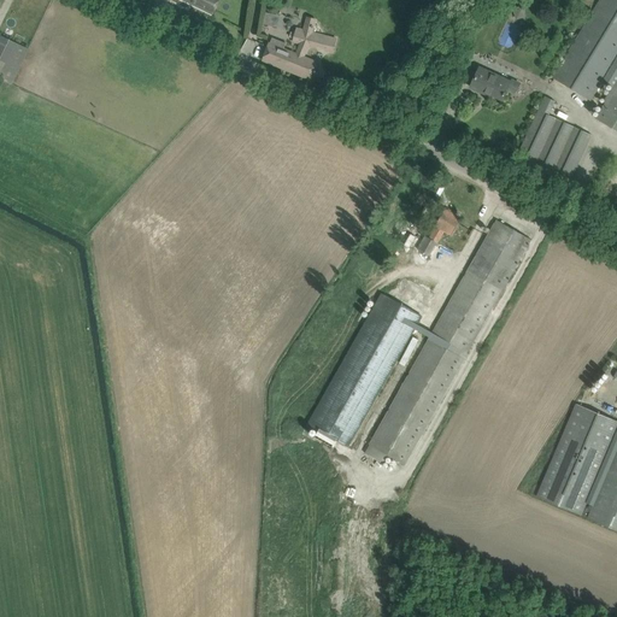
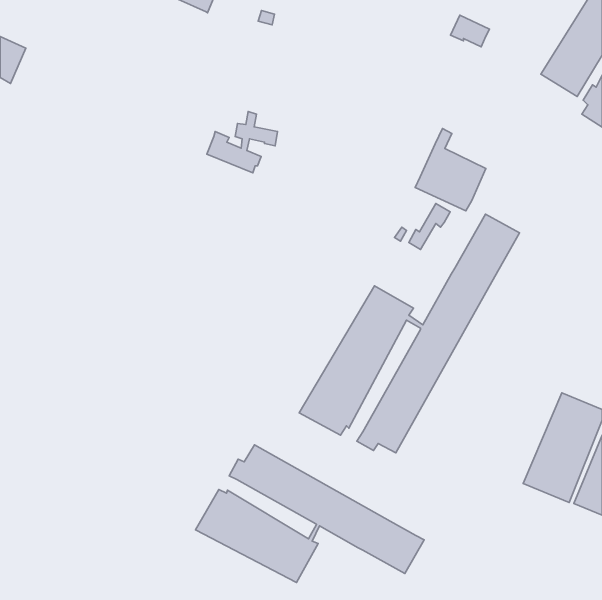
building: [264,16,336,78] -> [207,112,278,173]
building: [471,66,511,99] -> [451,15,489,47]
building: [518,95,590,180] -> [415,129,486,211]
building: none -> [196,445,424,583]

